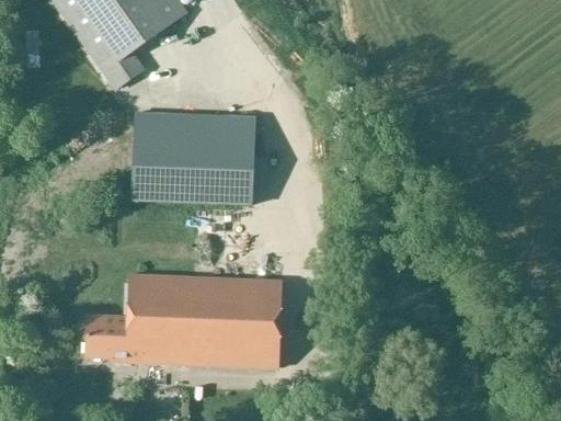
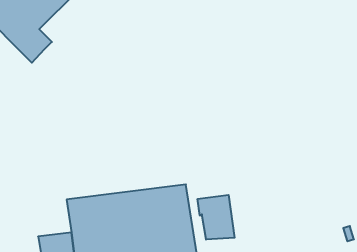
building: [133,111,256,205] -> none
building: none -> [198,195,235,240]

